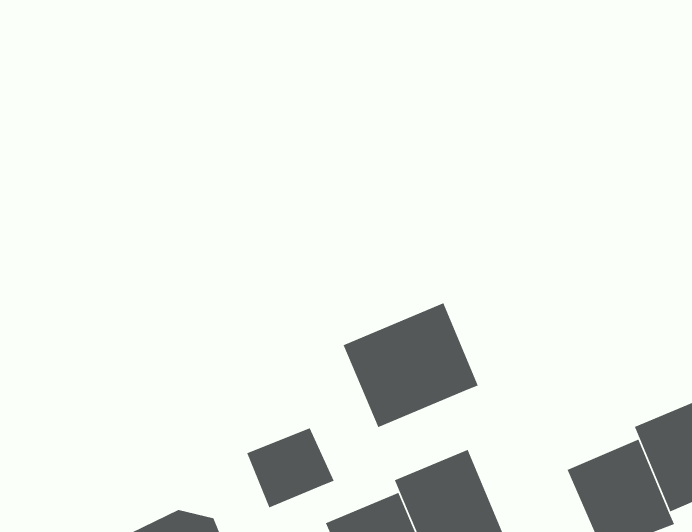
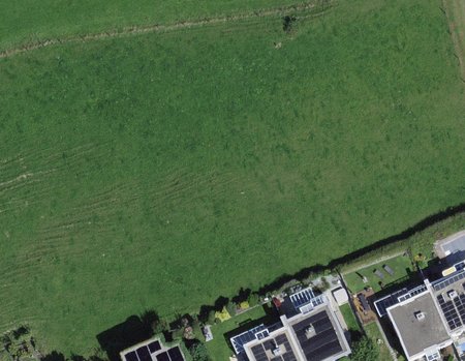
building: [342,302,479,428] -> none
building: [246,427,335,509] -> none

